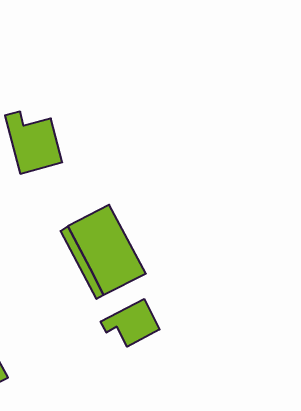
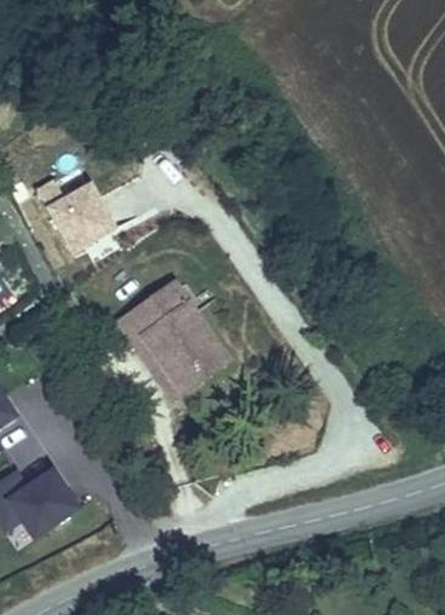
building: [101,299,160,347] -> none

